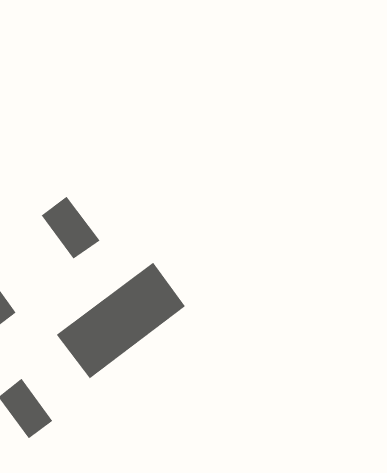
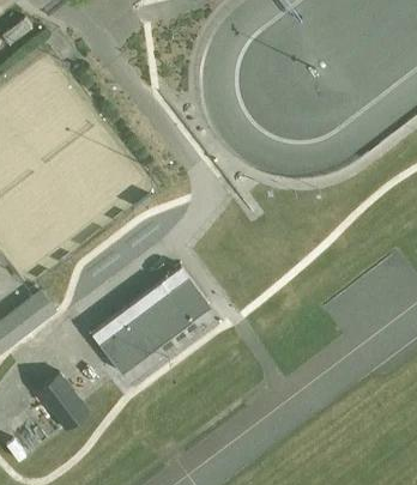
building: [41,196,101,260] -> none

